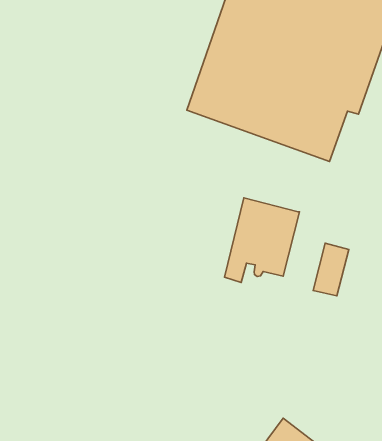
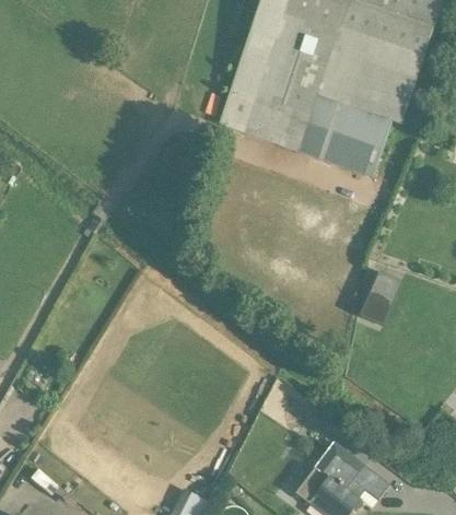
building: [225,198,300,283] -> none

